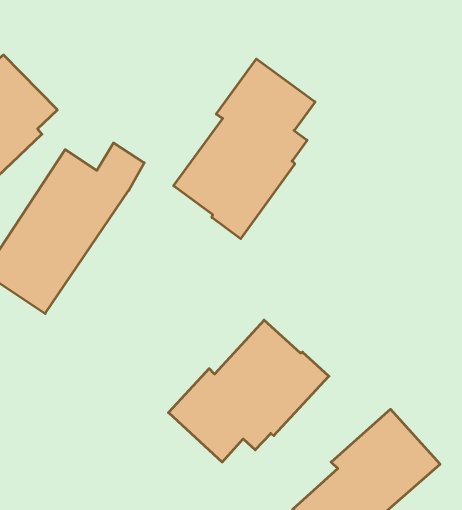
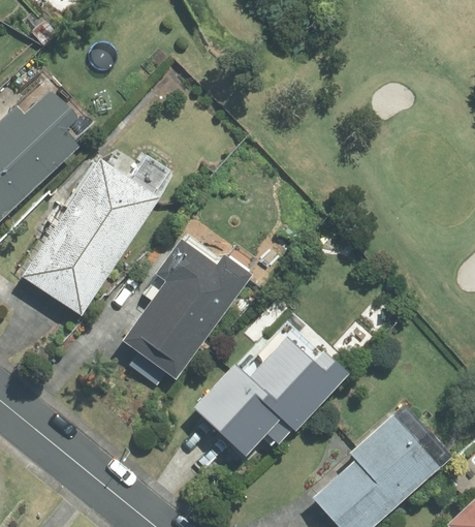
building: [174,59,315,239] -> none
building: none -> [123,234,252,379]

